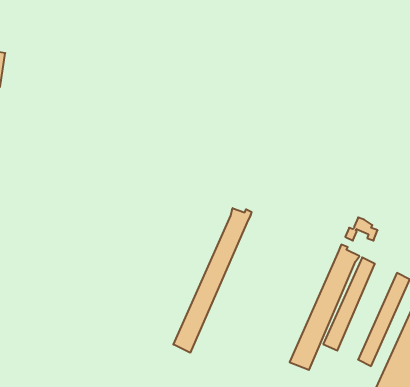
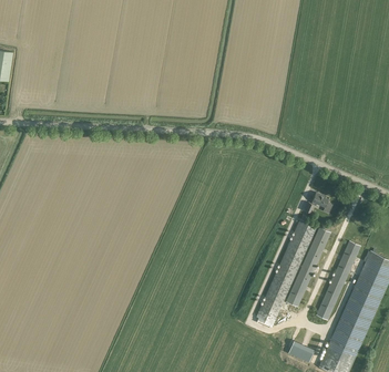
building: [173,208,252,353] -> none

